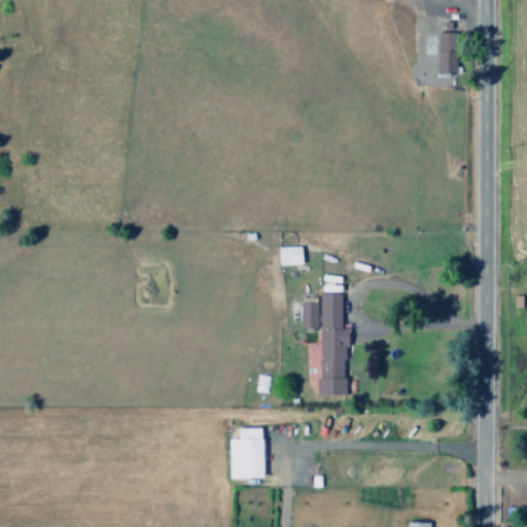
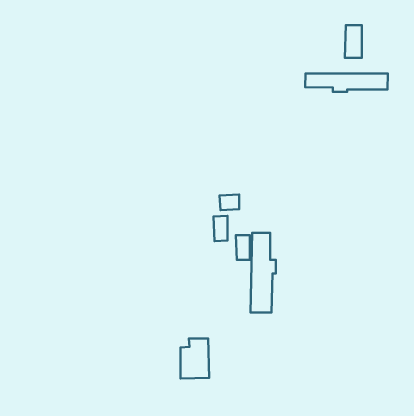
building: none -> [305,73,388,92]
building: none -> [213,216,228,241]

